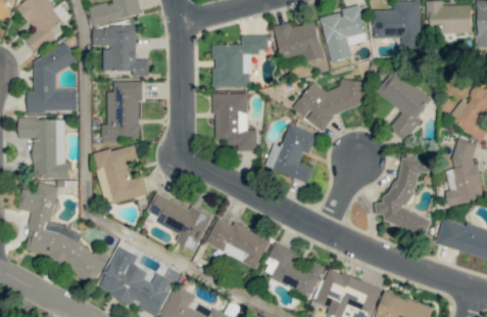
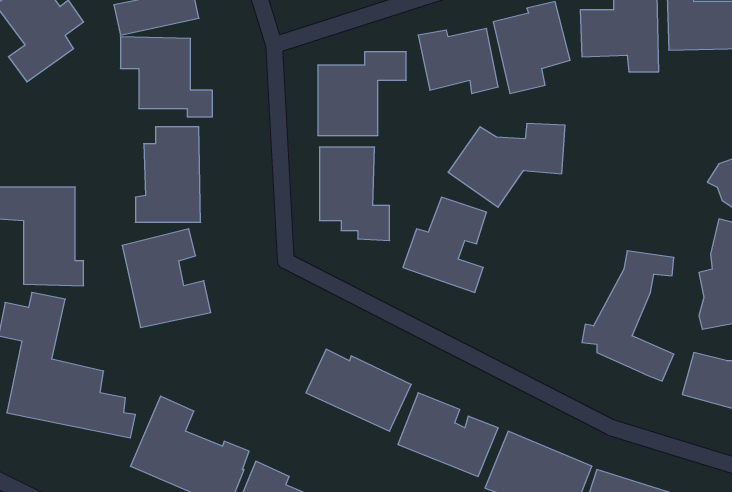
building: [27,43,76,112] -> none
building: [375,70,431,142] -> none
building: [147,193,211,252] -> none

